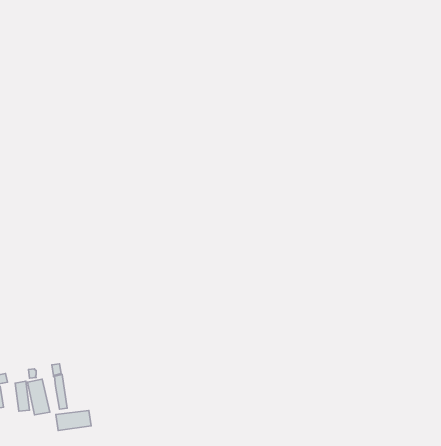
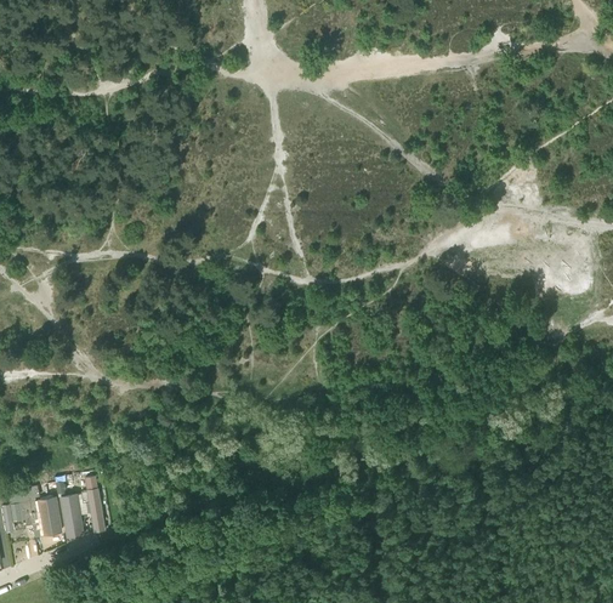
building: [56,411,91,430] -> none

